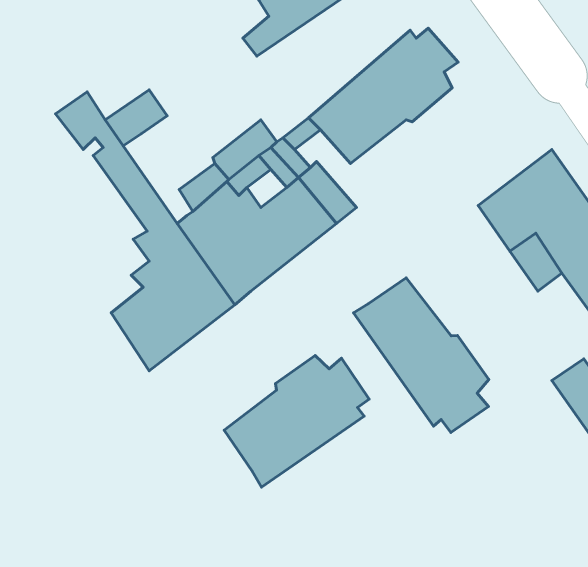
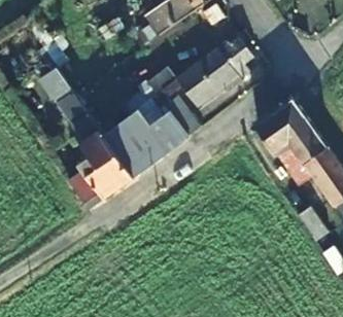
building: [354,278,489,433] -> none
building: [224,355,369,487] -> none

